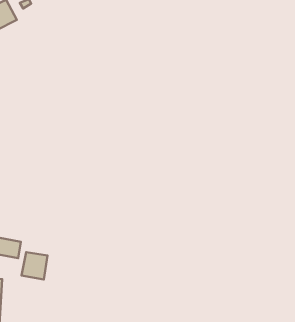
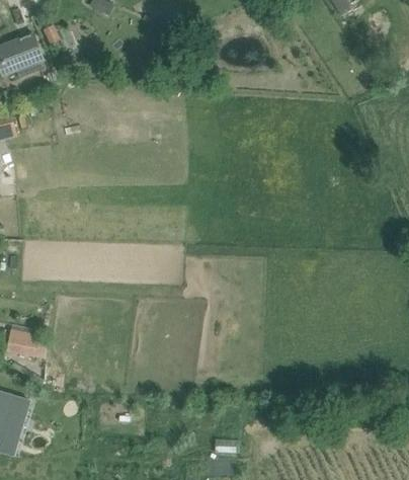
building: [22,252,48,280] -> none

